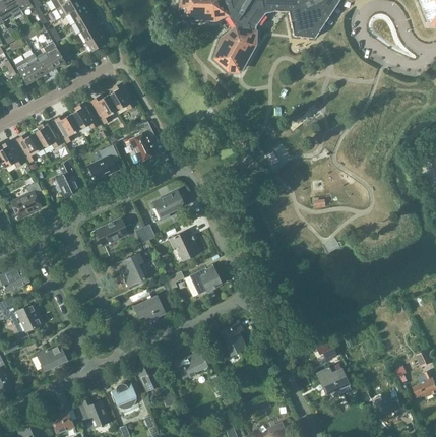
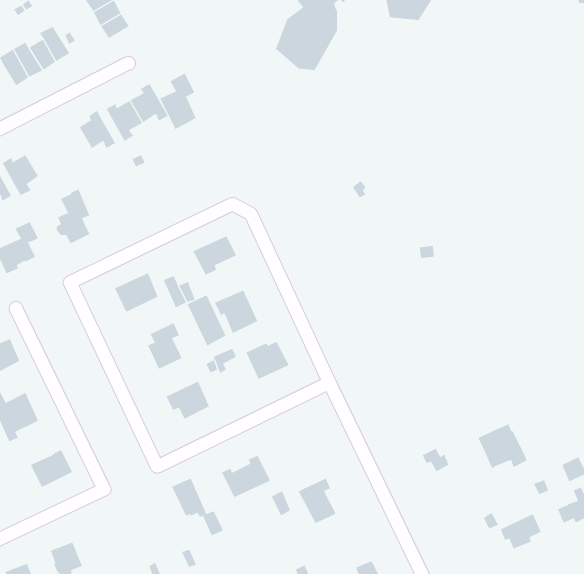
building: [54,114,80,142] -> none
building: [34,121,61,148] -> none
building: [129,121,155,162] -> [160,73,197,130]
building: [88,144,119,182] -> none
building: none -> [187,294,226,346]
building: [220,322,247,355] -> [298,478,336,524]
building: [316,363,352,395] -> [478,424,527,469]
building: [113,383,140,414] -> none
building: [78,397,110,428] -> none

